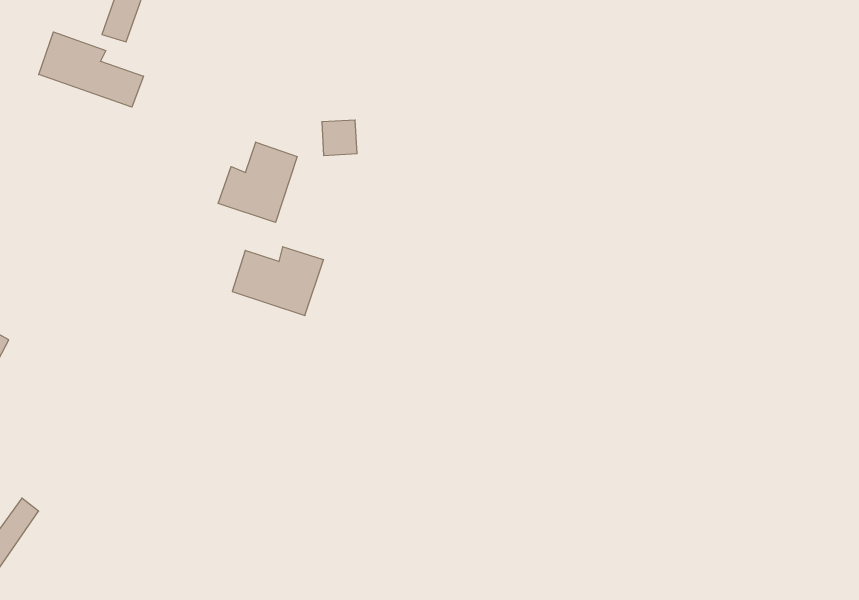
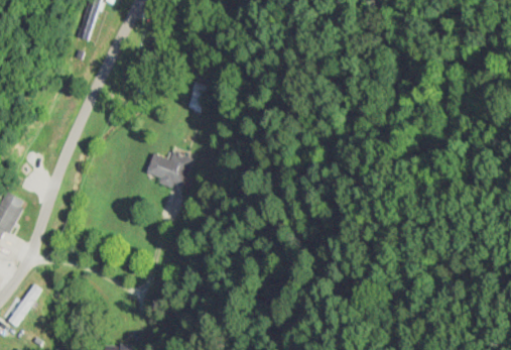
building: [39,32,143,107] -> none
building: [218,142,297,222] -> none

